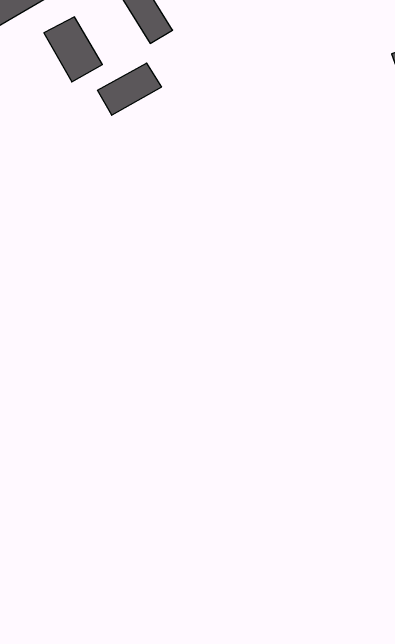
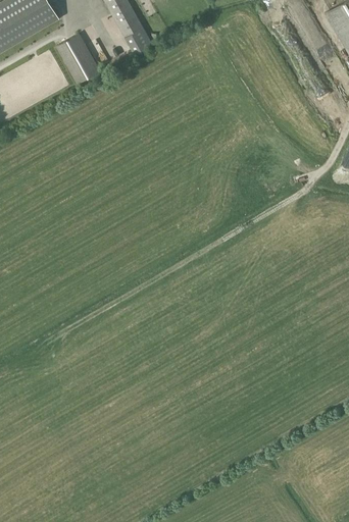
building: [98,63,161,115] -> none

